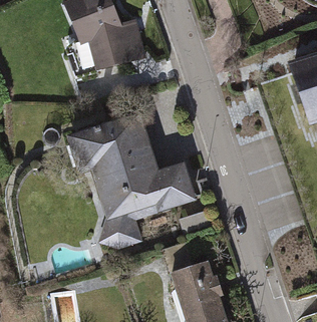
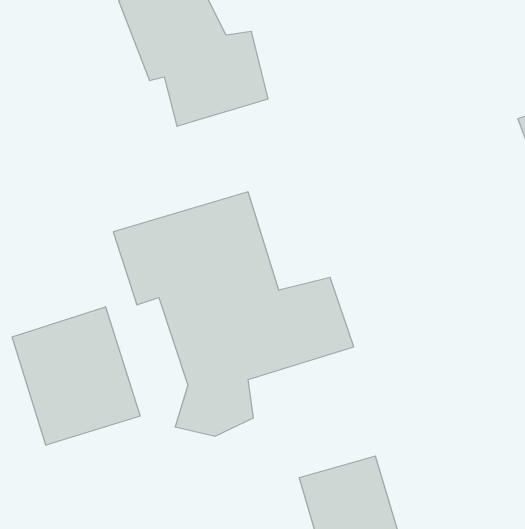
building: none -> [12,307,140,445]

